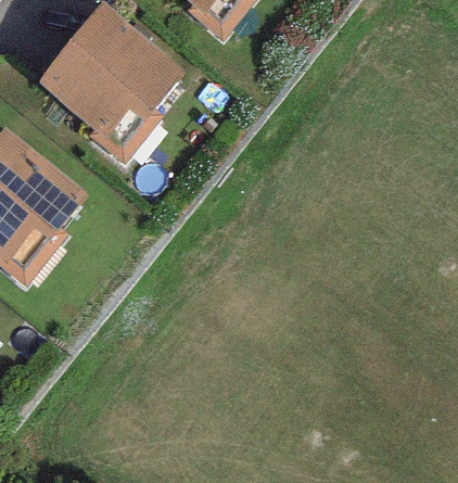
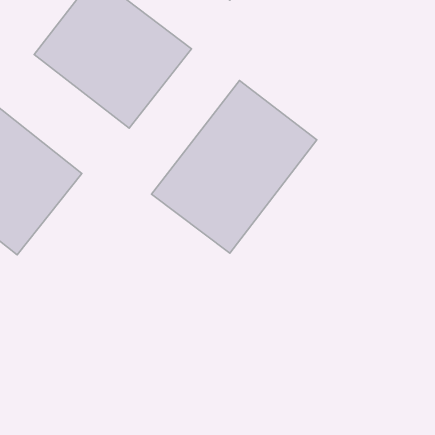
building: none -> [151,81,317,253]

